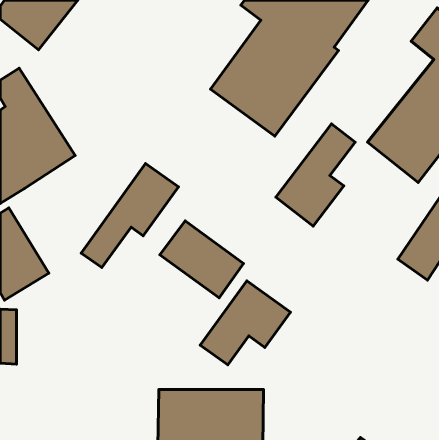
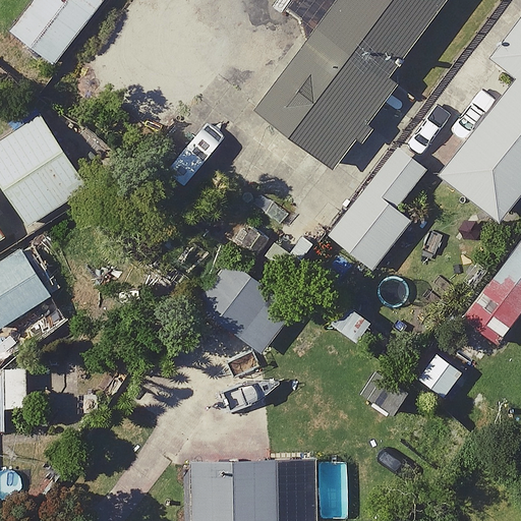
building: [81,163,178,268] -> none
building: [200,281,290,365] -> none

